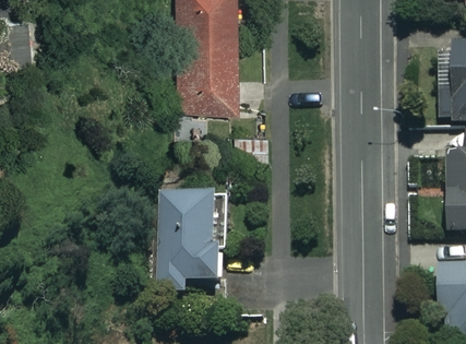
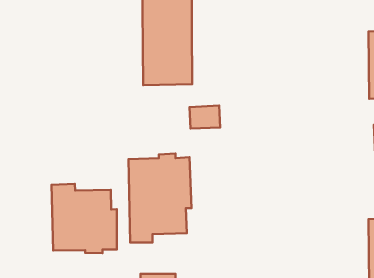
building: none -> [52,184,117,253]

